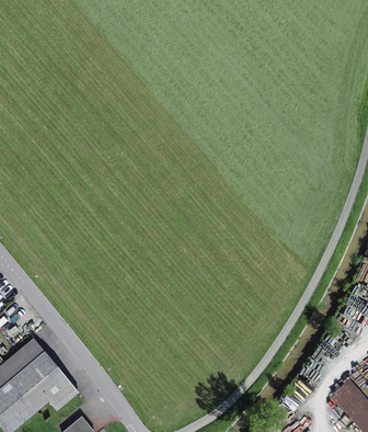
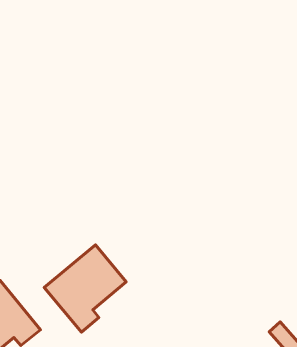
building: none -> [44,245,126,332]

